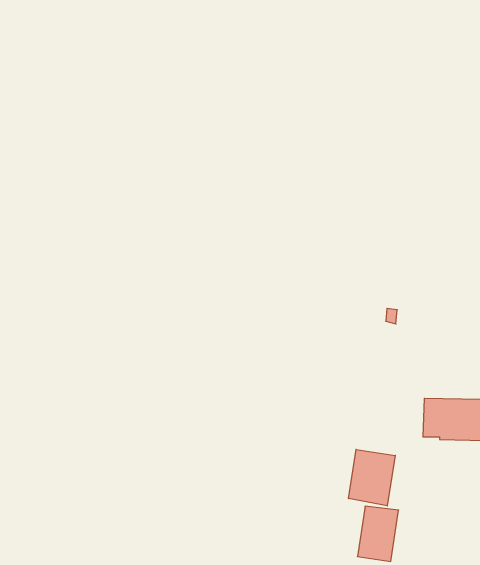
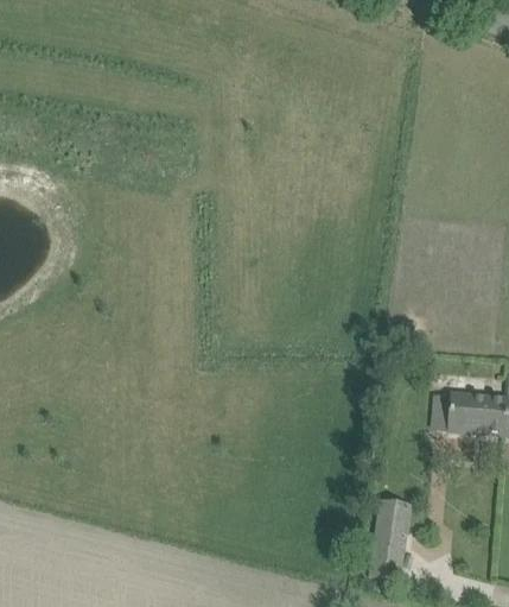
building: [349,449,395,506] -> none

